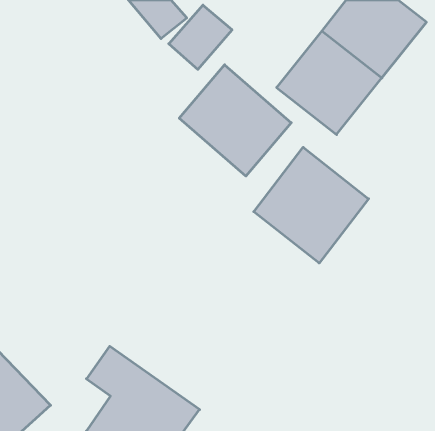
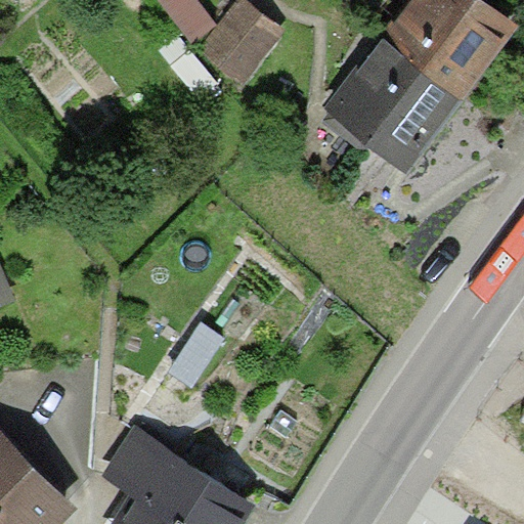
building: [179,65,291,176] -> none
building: [254,147,369,263] -> none

